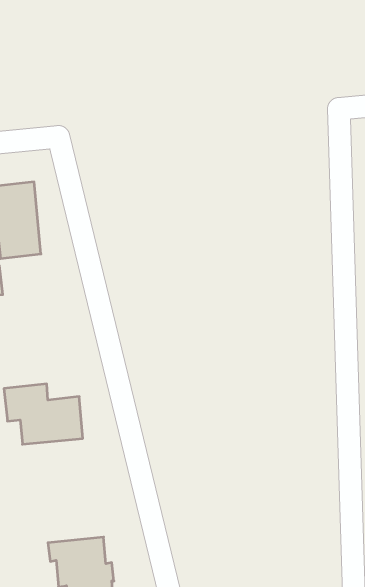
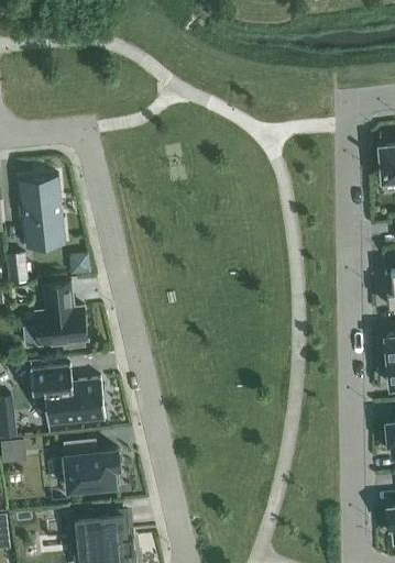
building: none -> [36,285,87,350]
building: none -> [63,440,120,495]

